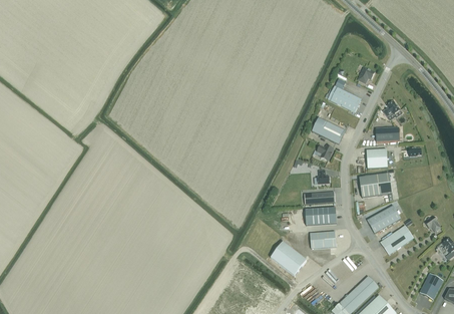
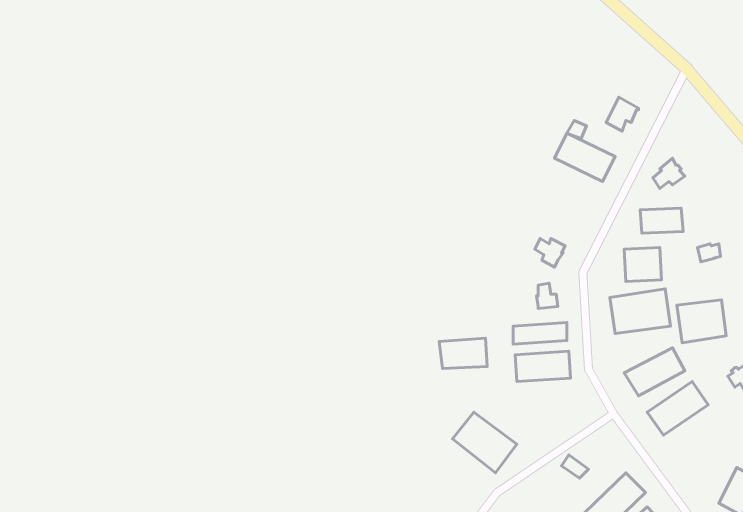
building: [312,117,346,144] -> none
building: none -> [677,300,726,343]
building: [310,231,337,248] -> [439,338,487,368]

